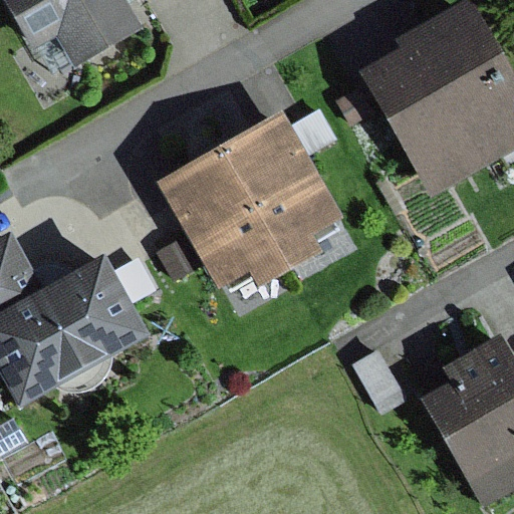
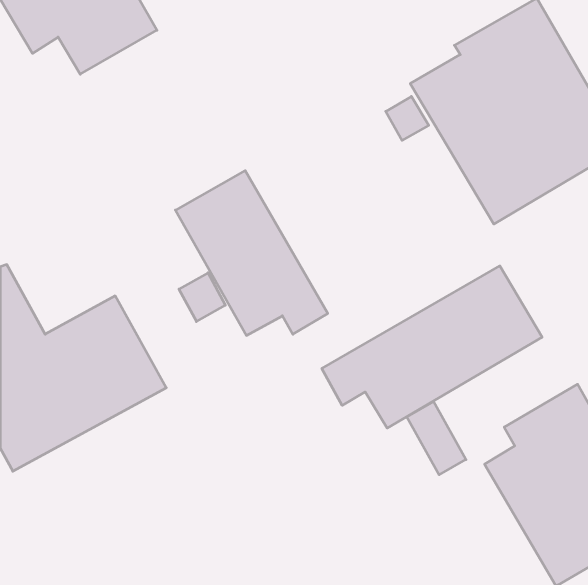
building: [217,111,341,271] -> none
building: none -> [322,266,542,428]

